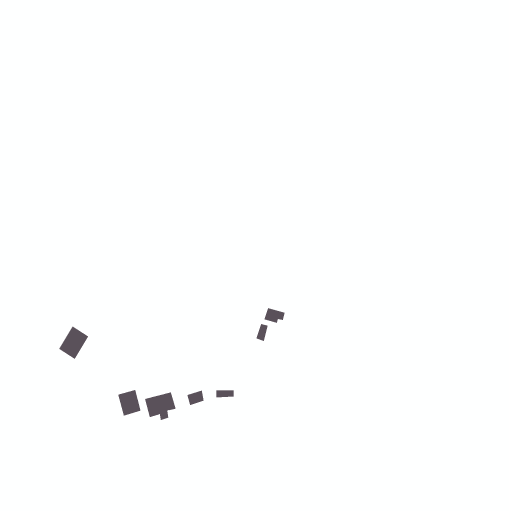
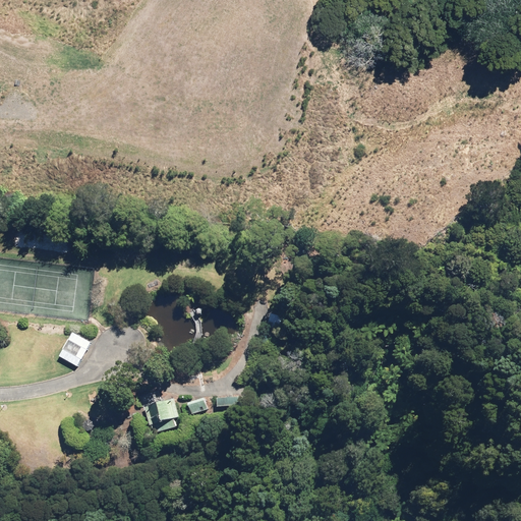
building: [118,389,141,416] -> none

